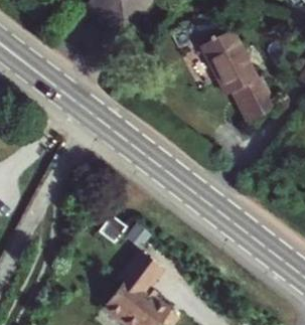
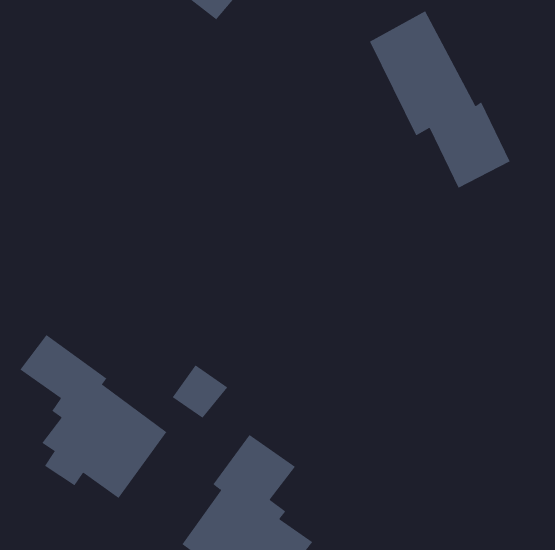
building: none -> [19,334,167,499]

